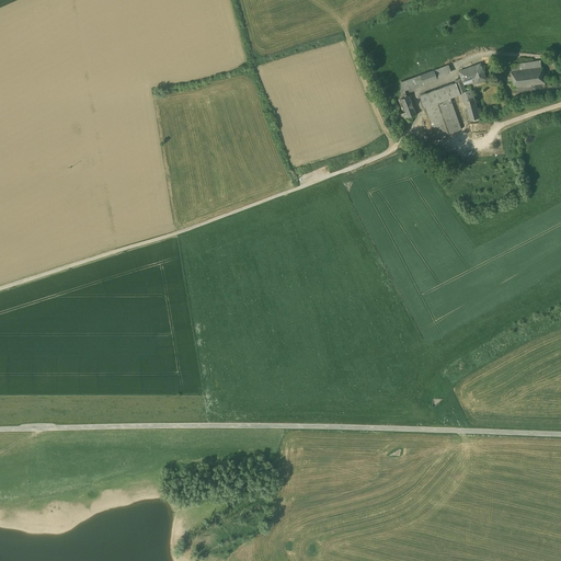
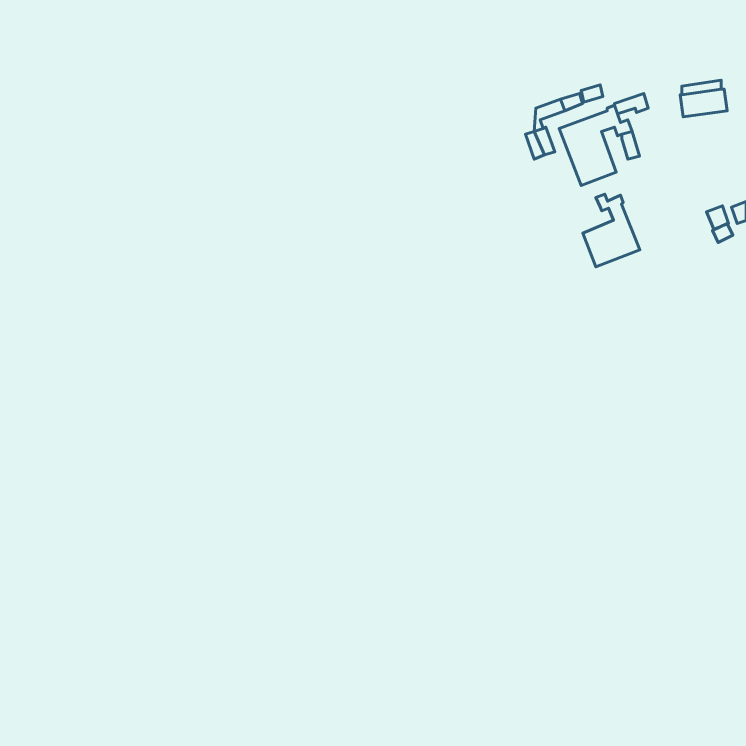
building: none -> [583,194,640,267]

